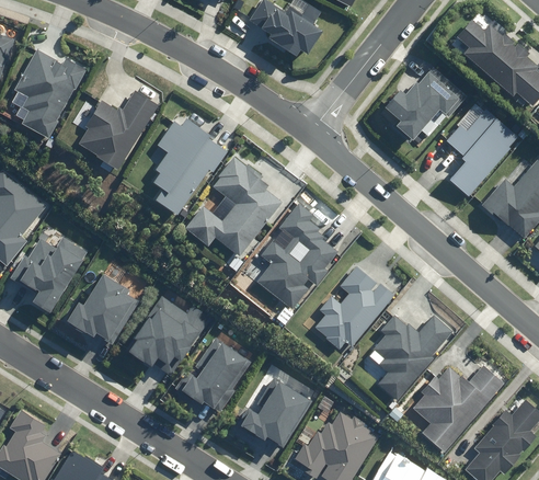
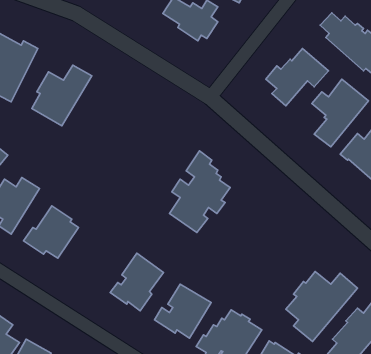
building: [151,117,226,215] -> none
building: [181,156,282,255] -> none
building: [313,263,394,350] -> none
building: [128,295,209,364] -> none
building: [372,312,451,402] -> none

